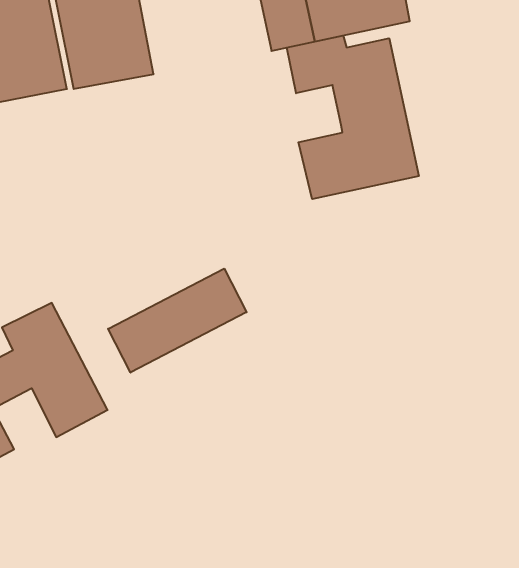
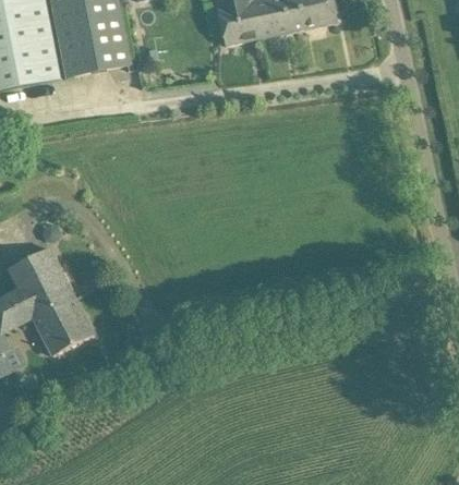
building: [287,36,419,199] -> none
building: [108,269,247,373] -> none

